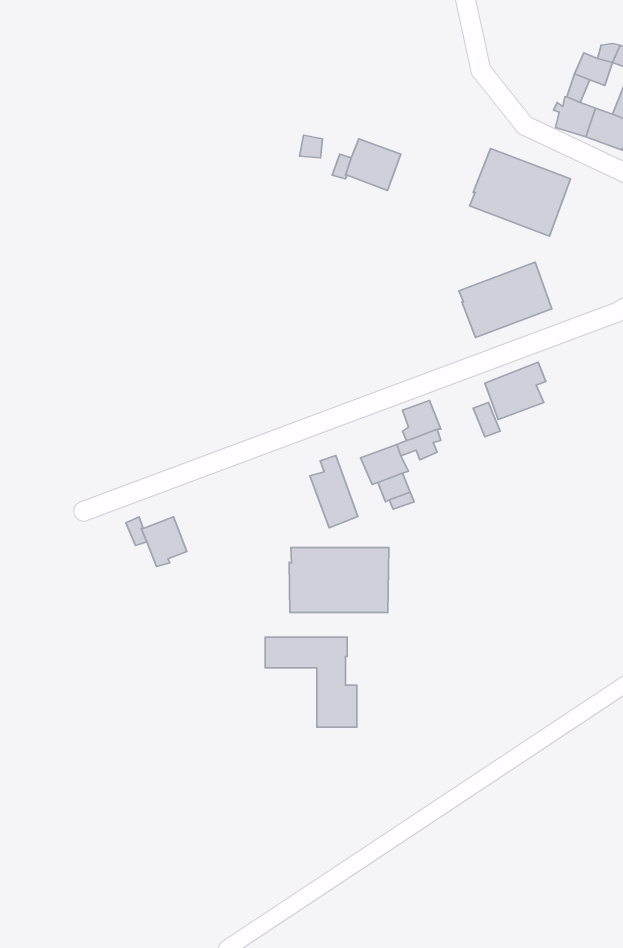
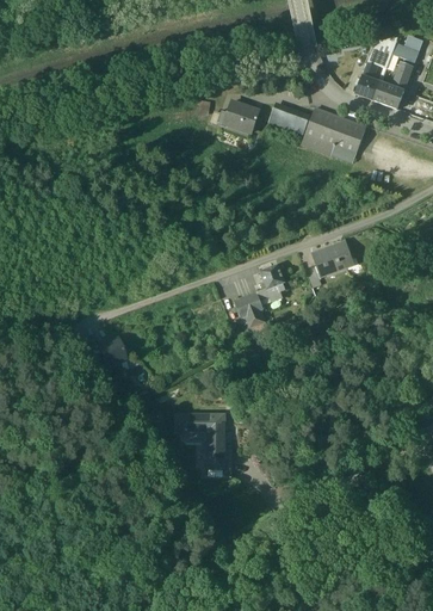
building: none -> [268,104,309,135]
building: [459,262,552,337] -> none
building: [310,456,358,528] -> none
building: [289,547,389,613] -> none

